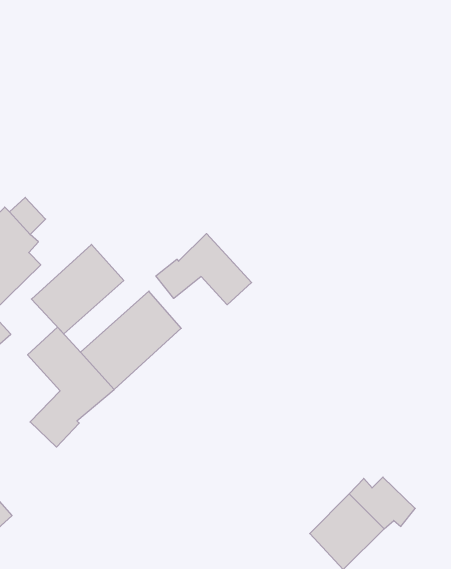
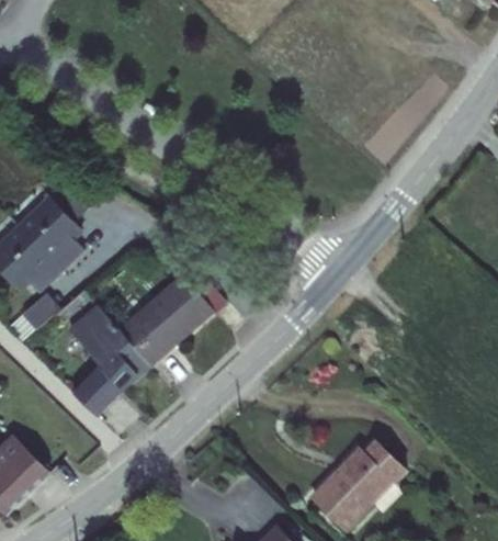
building: [156,234,252,305] -> none
building: [31,244,124,334] -> none

